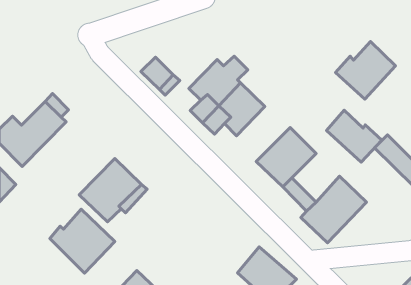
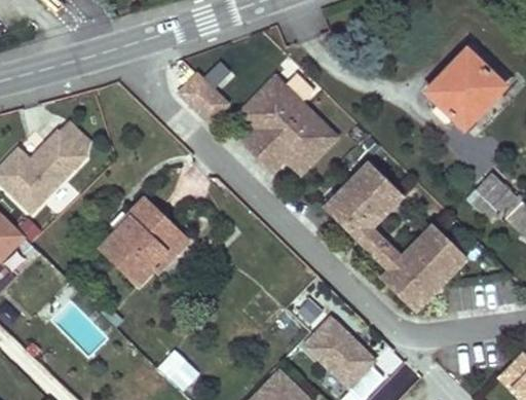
building: [327,110,382,162] -> none
building: [50,209,115,273] -> none

